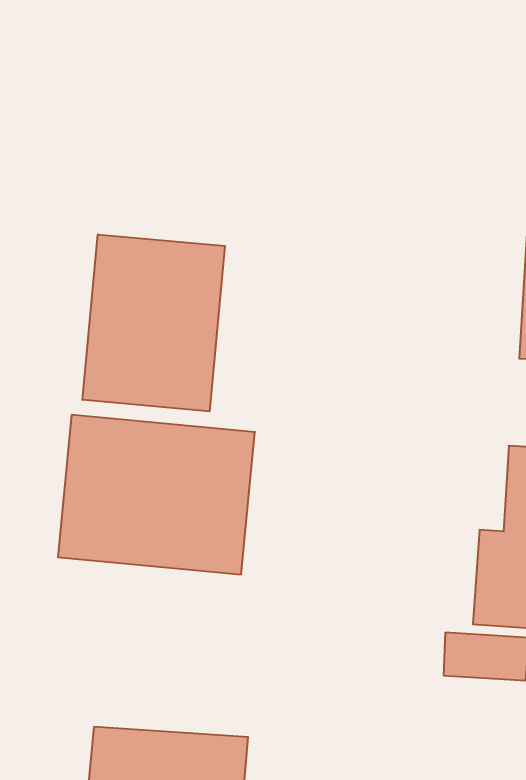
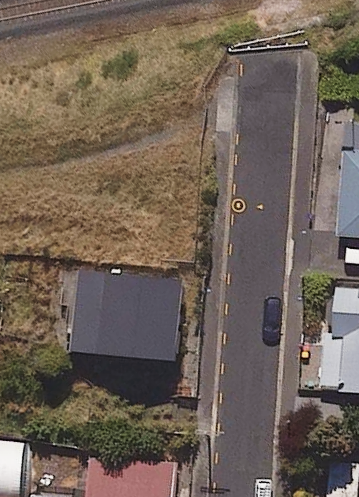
building: [82,234,225,411] -> none

